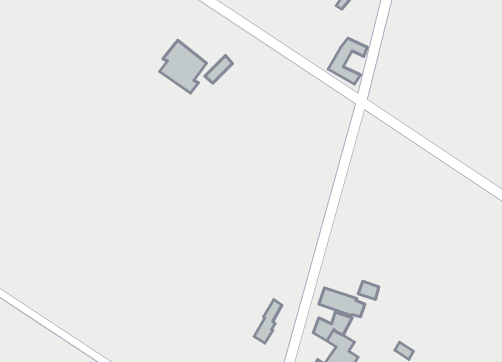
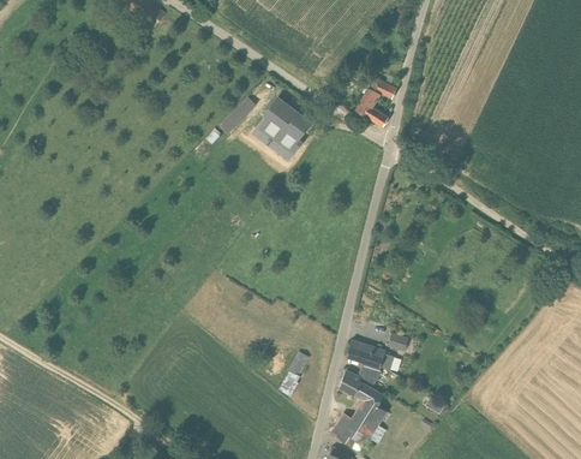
building: [159,40,207,93] -> [260,97,310,153]

